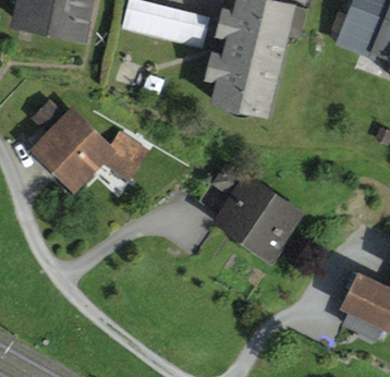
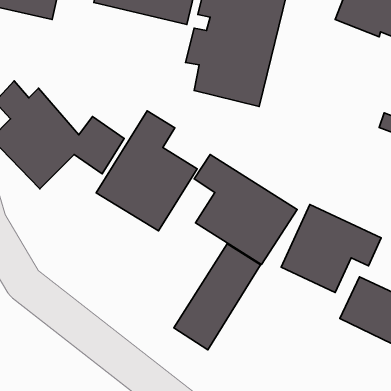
building: none -> [96,111,197,231]
building: none -> [281,205,381,293]
building: none -> [174,244,260,350]

